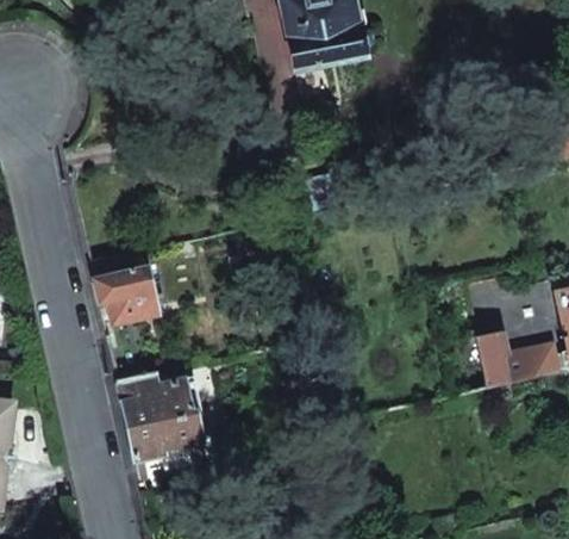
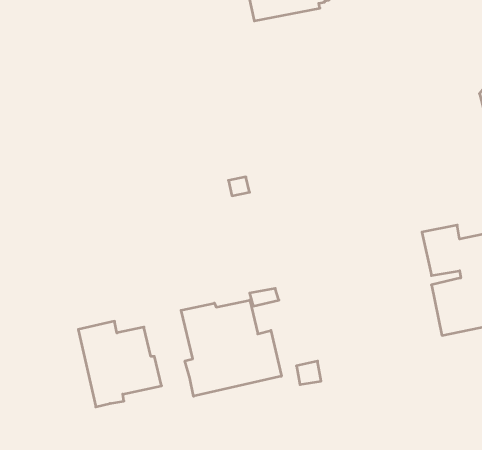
building: [90,253,158,324] -> none
building: none -> [181,300,281,396]

